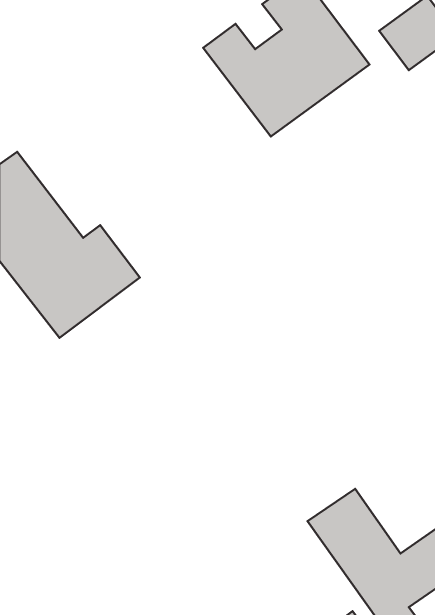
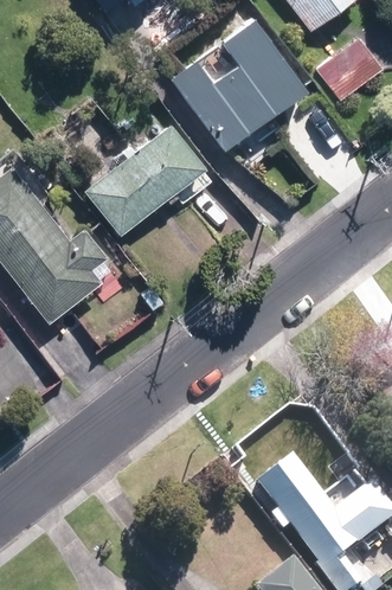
building: none -> [86,126,206,237]

